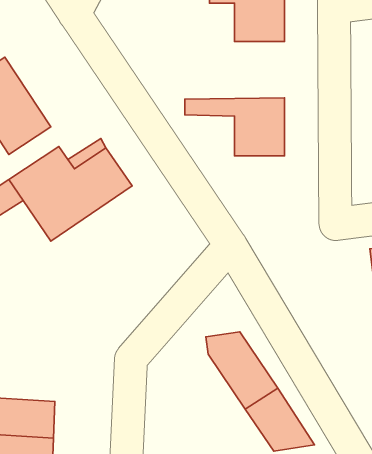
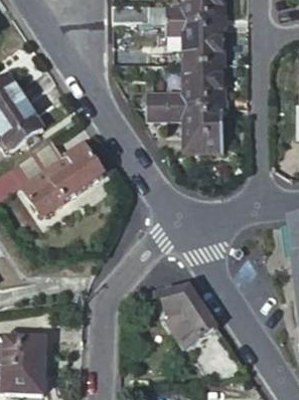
building: none -> [142,63,221,108]

